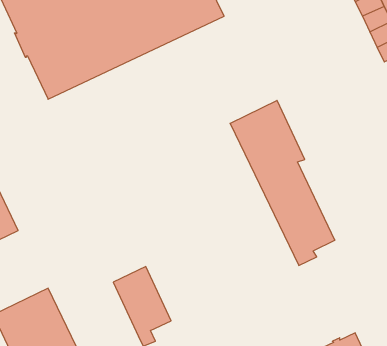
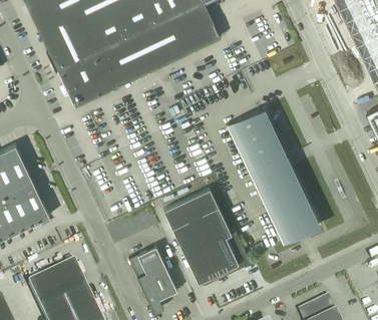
building: none -> [164,187,252,281]

